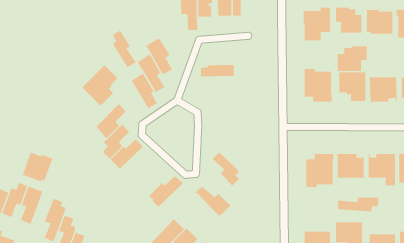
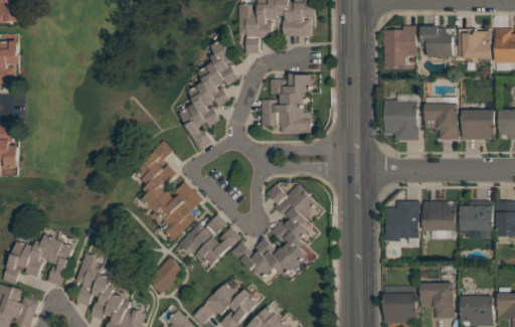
building: [112,30,137,68] -> [209,39,238,85]
building: [337,45,367,72] -> none
building: none -> [269,73,312,95]
building: [81,65,118,107] -> none
building: none -> [261,108,309,130]
building: none -> [267,184,316,215]
building: none -> [163,192,203,238]
building: [22,152,53,182] -> none
building: none -> [178,213,226,254]
building: none -> [271,220,307,264]
building: none -> [231,241,273,279]
building: [338,197,379,212] -> none
building: none -> [148,258,182,294]

